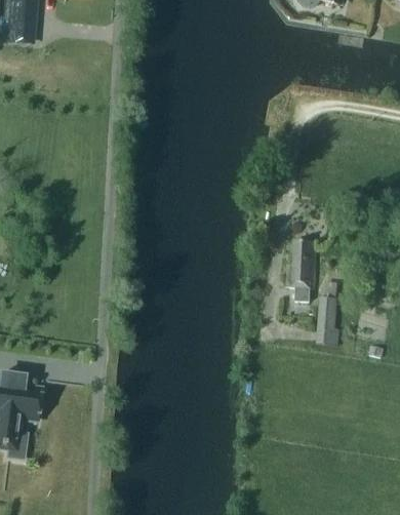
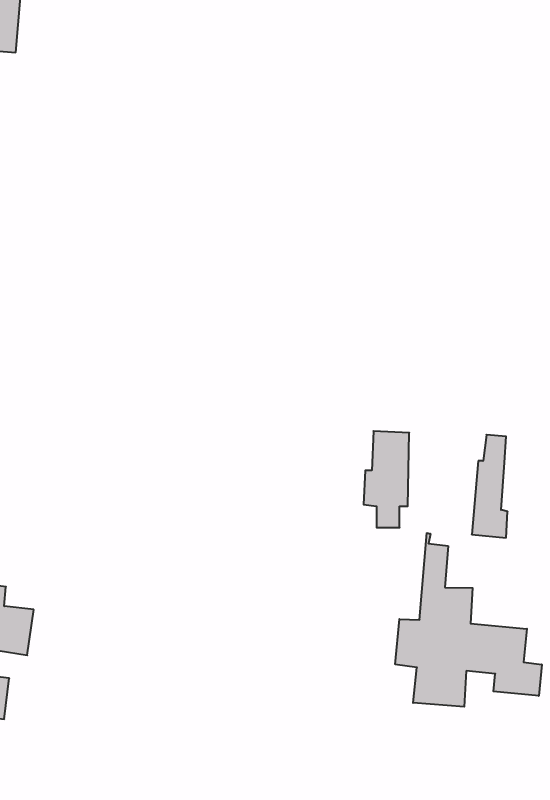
building: [286,240,315,301] -> [364,431,409,528]
building: none -> [395,533,542,707]

